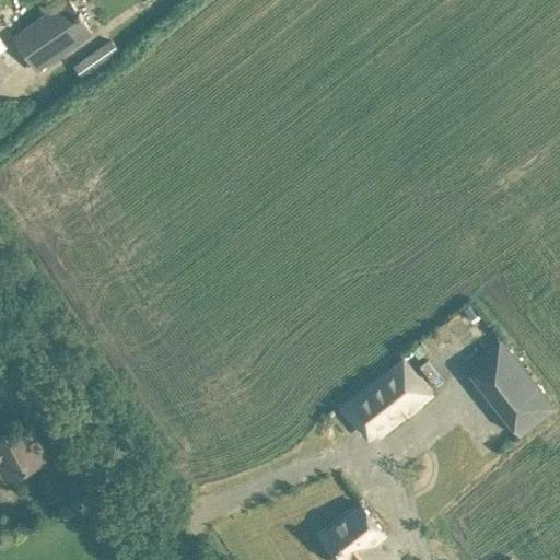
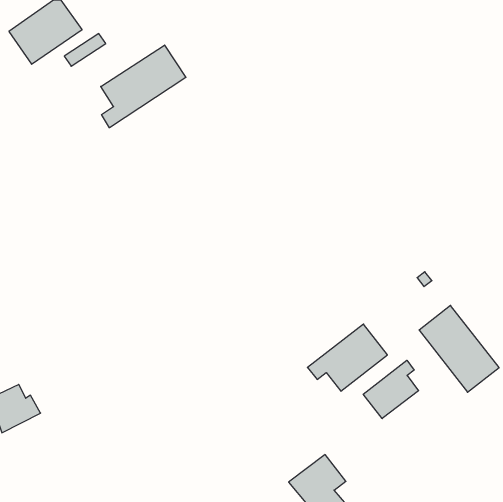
building: none -> [101,45,186,128]
building: none -> [363,360,419,419]

